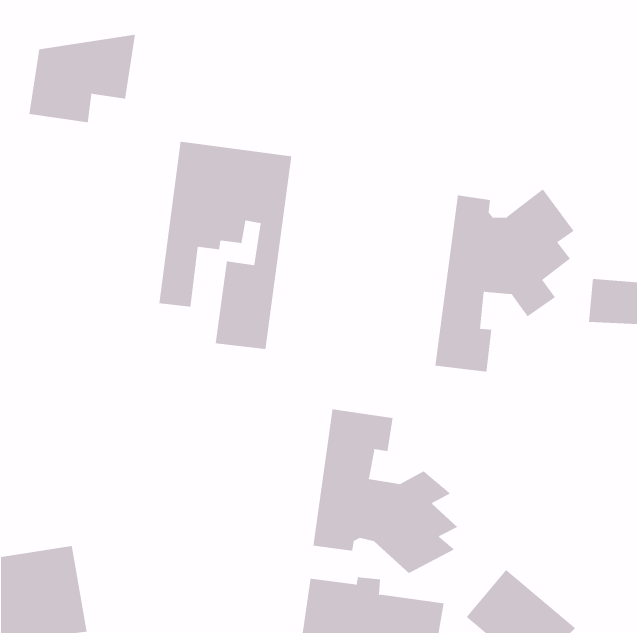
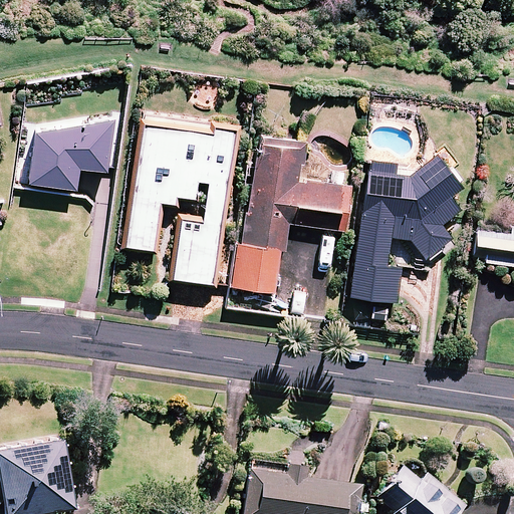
building: [28,34,136,123] -> [28,118,114,190]
building: none -> [231,138,351,294]
building: [313,409,458,574] -> none

